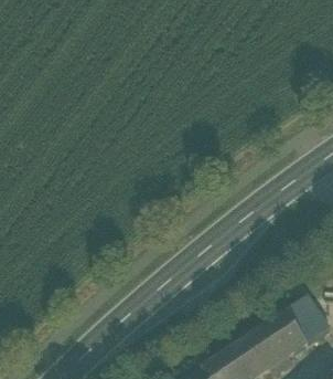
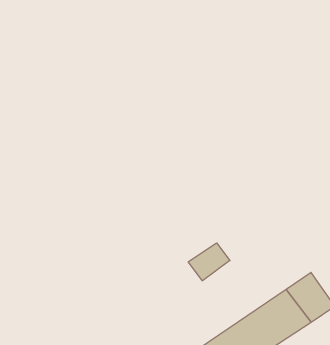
building: none -> [188,243,230,281]

